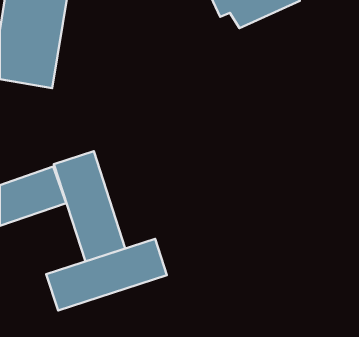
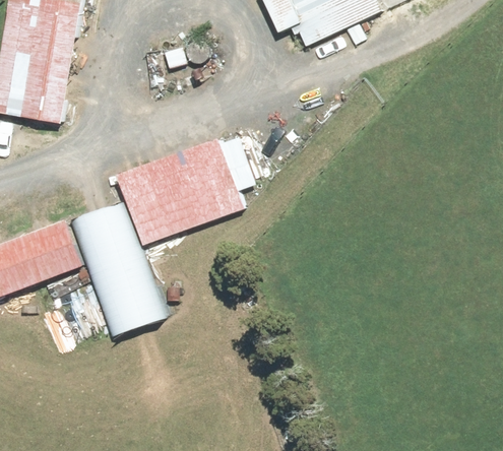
building: none -> [121,144,239,244]
building: [46,239,167,310] -> none

